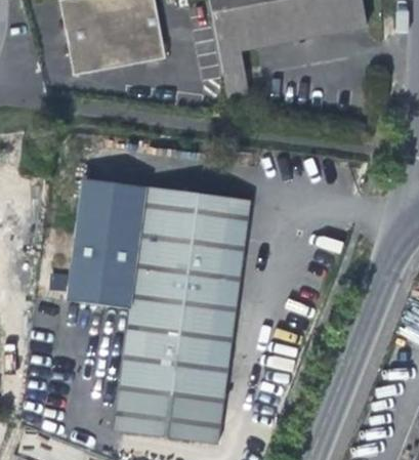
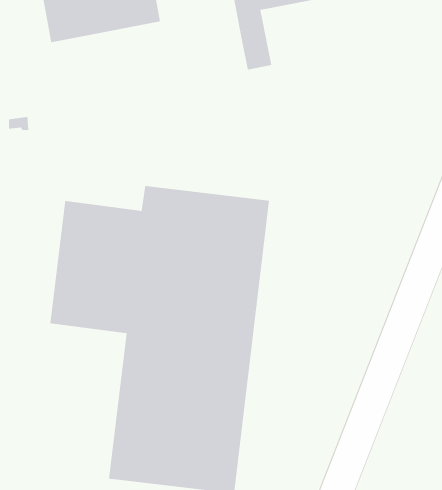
building: [80,182,145,211] -> none

